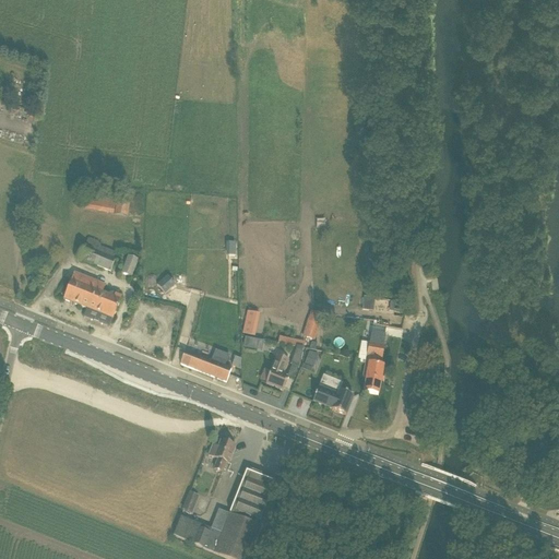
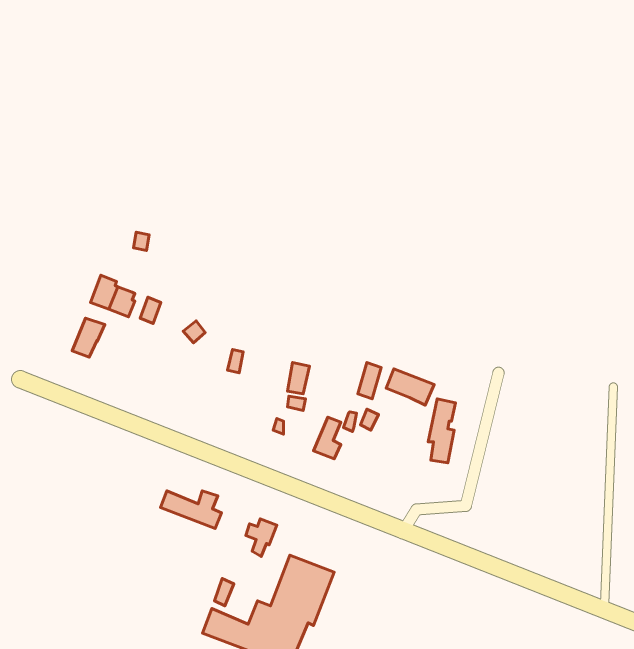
building: [78,275,121,316] -> none
building: [180,347,231,379] -> [160,491,222,528]
building: [312,382,353,413] -> [386,369,434,405]

